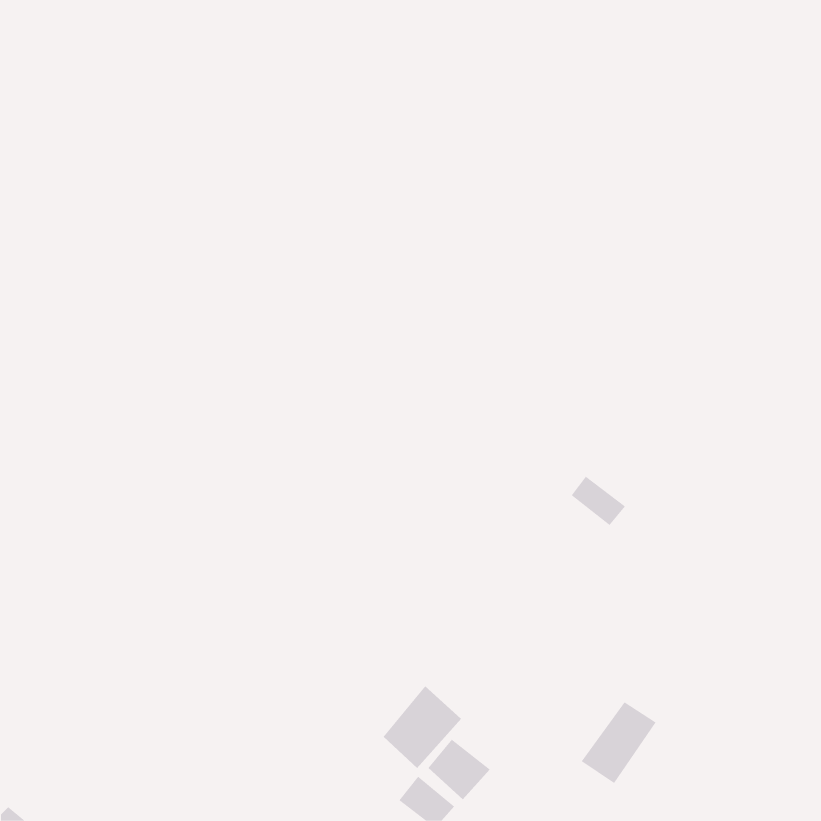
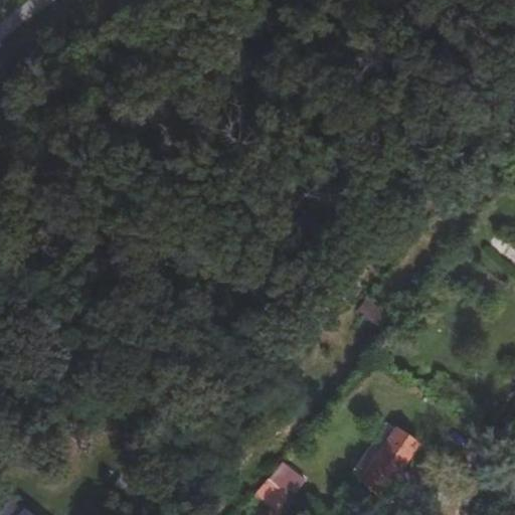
building: [383,685,462,769] -> none

